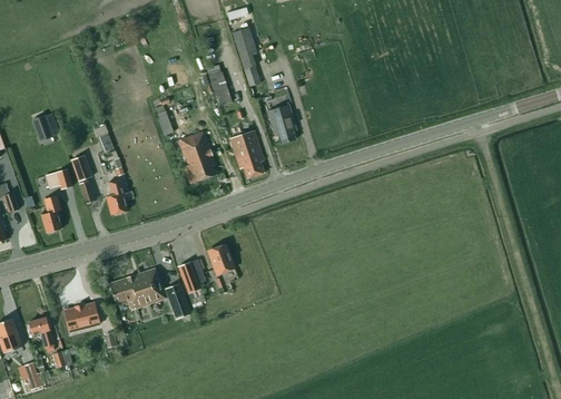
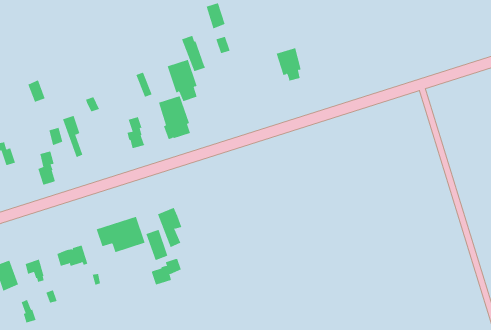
building: [267,105,296,143] -> [276,48,302,81]
building: [229,130,264,178] -> [167,59,198,102]
building: [107,178,128,215] -> [127,117,146,149]
building: [208,244,234,274] -> none
building: none -> [151,258,182,286]

